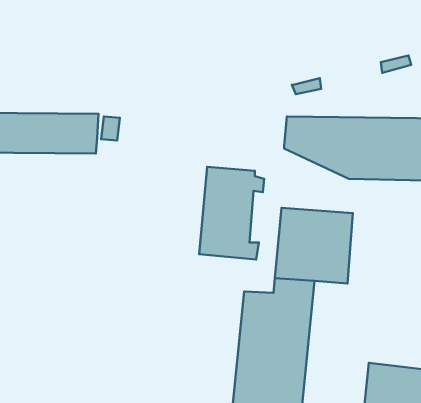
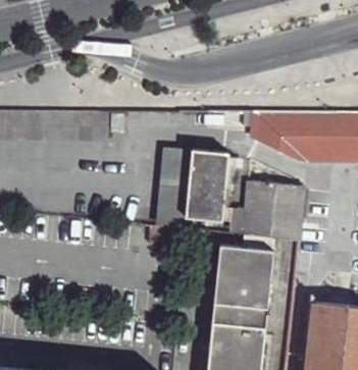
building: none -> [161,150,192,219]

